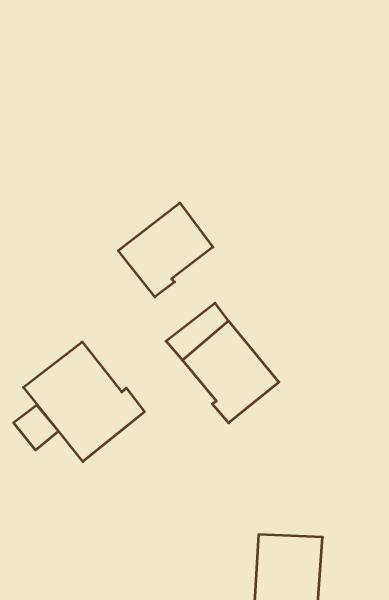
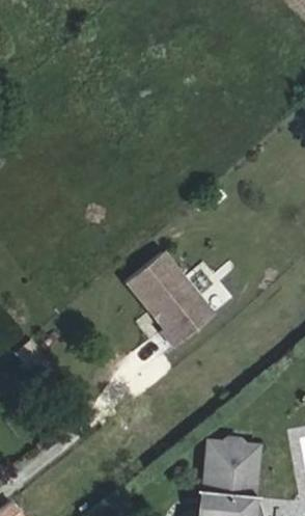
building: [118,203,213,297] -> none
building: [23,342,144,462] -> none

